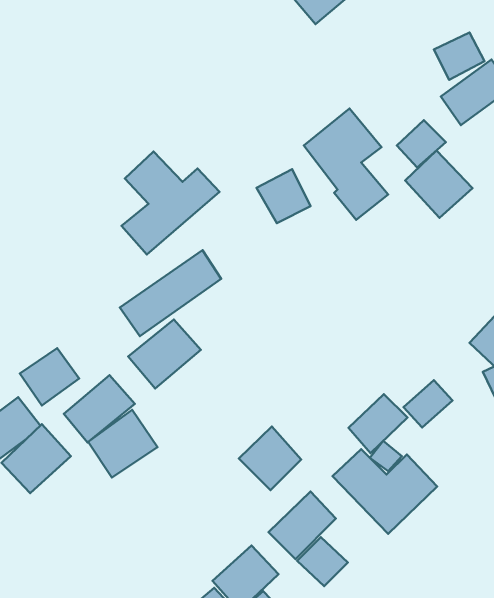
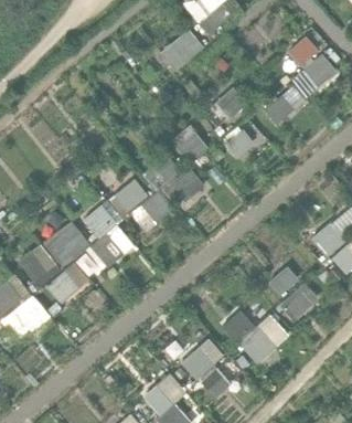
building: none -> [161,27,204,70]
building: [405,150,473,218] -> none
building: [122,151,220,254] -> [140,157,204,224]
building: [348,394,408,453] -> [281,282,320,320]
building: [88,410,158,477] -> [45,222,90,266]
building: [239,427,301,490] -> none

